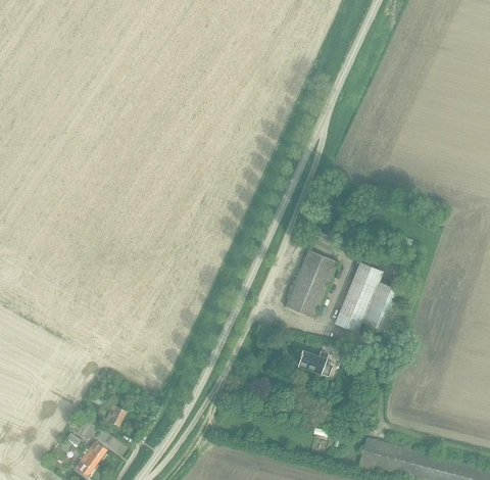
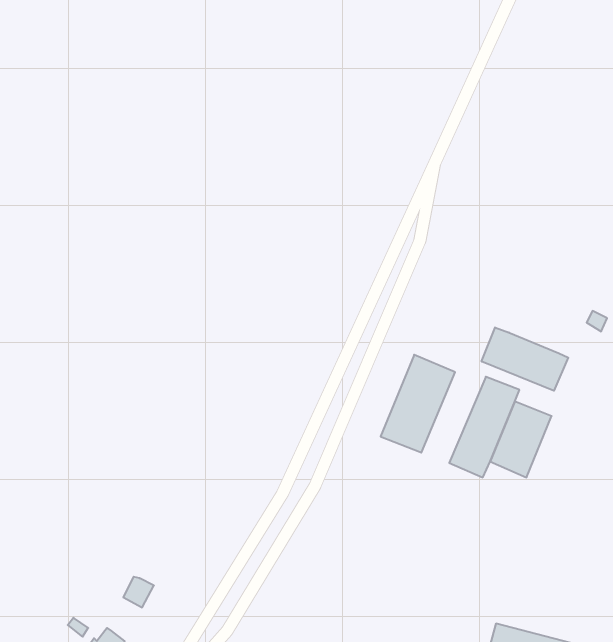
building: none -> [482,327,568,391]
building: [298,350,331,376] -> none

